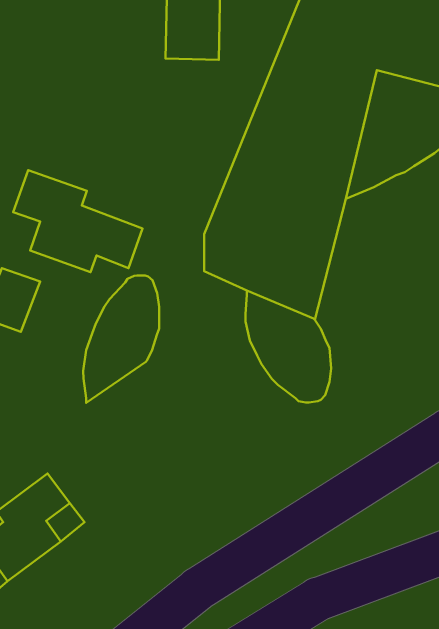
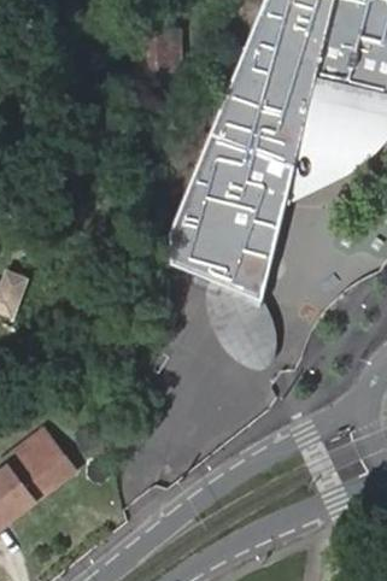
building: [13,170,142,272] -> none
building: [83,275,159,403] -> none

